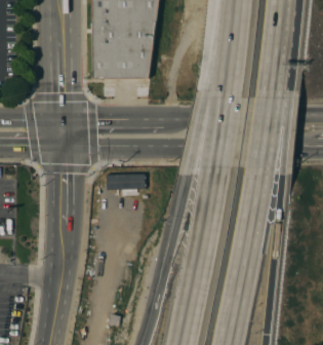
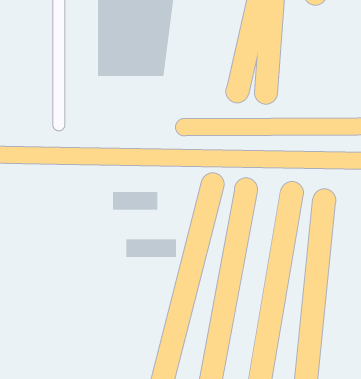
building: none -> [126,238,176,258]

